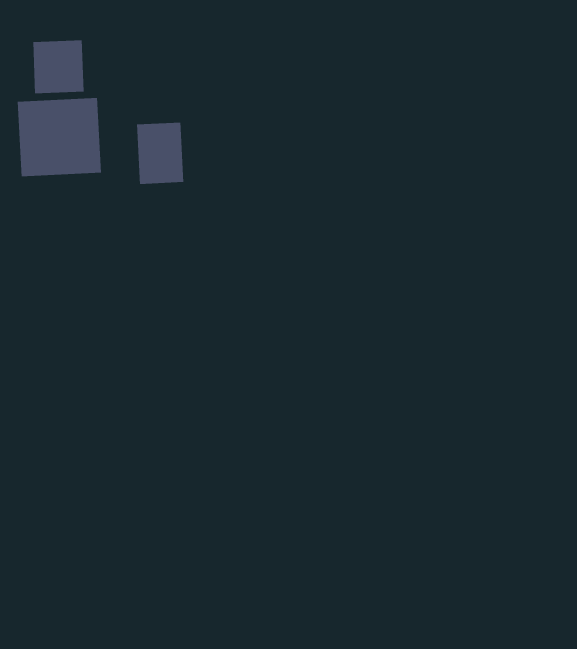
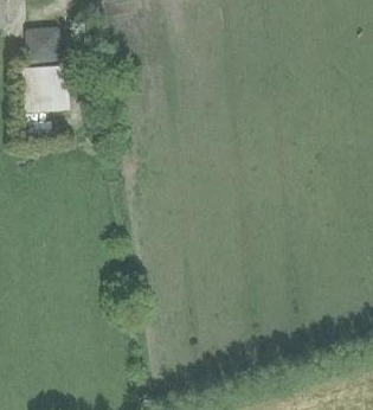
building: [137,122,184,185] -> none

